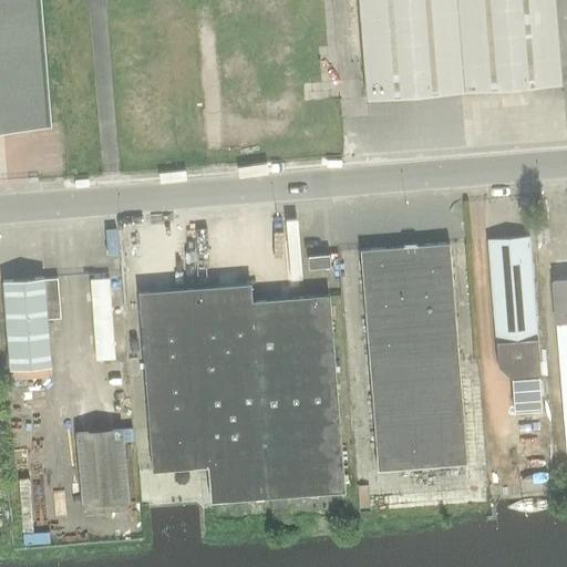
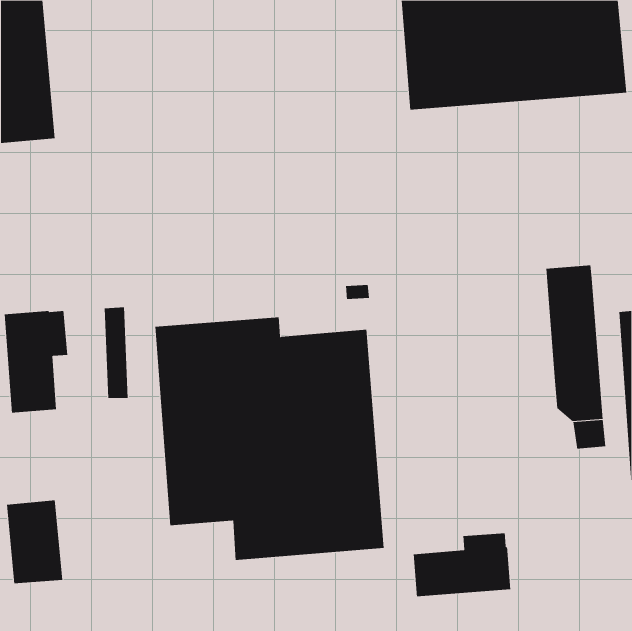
building: [360,244,467,472] -> none
building: [76,430,127,505] -> [6,500,63,584]
building: none -> [413,533,511,597]

